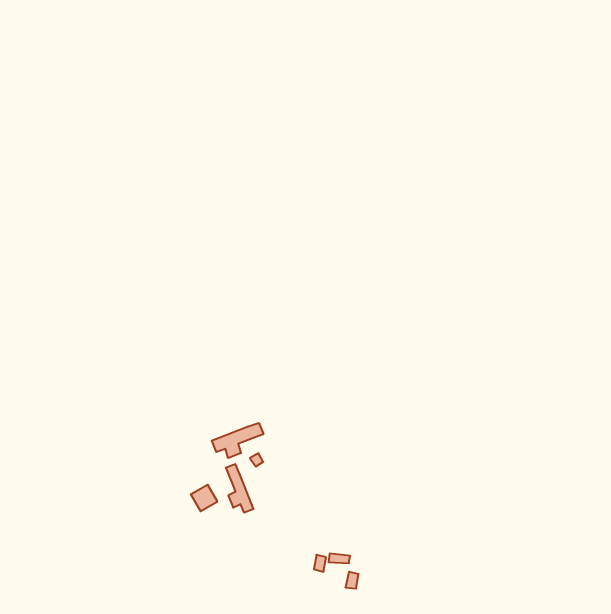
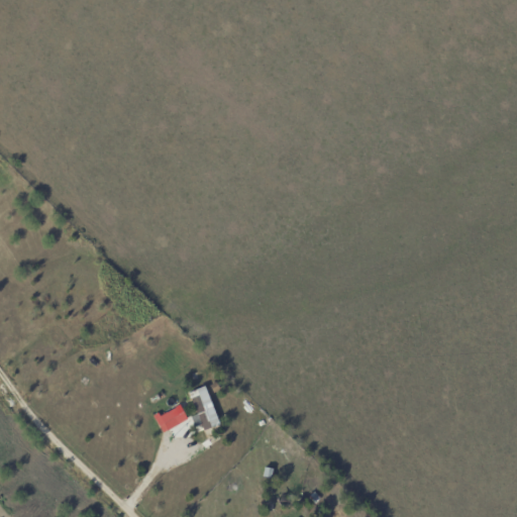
building: [212,423,263,458] -> none

